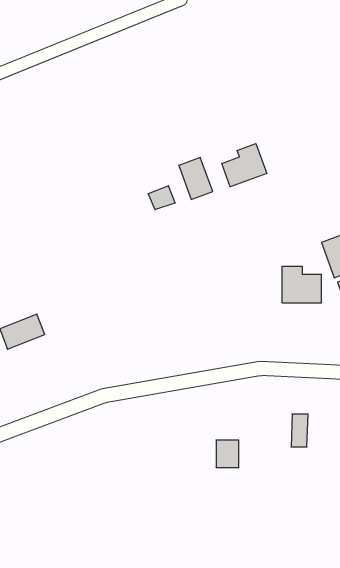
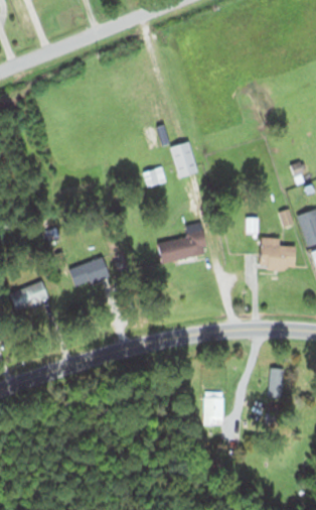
building: [222,144,267,187] -> none
building: none -> [158,225,207,263]
building: none -> [67,256,110,287]

